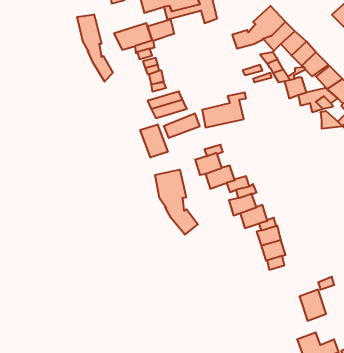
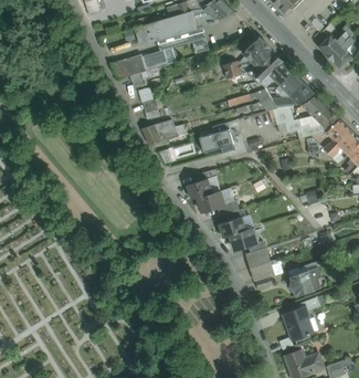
building: [77,14,113,82] -> none
building: [140,124,168,157] -> none
building: [155,170,198,235] -> none
building: none -> [291,267,325,295]

